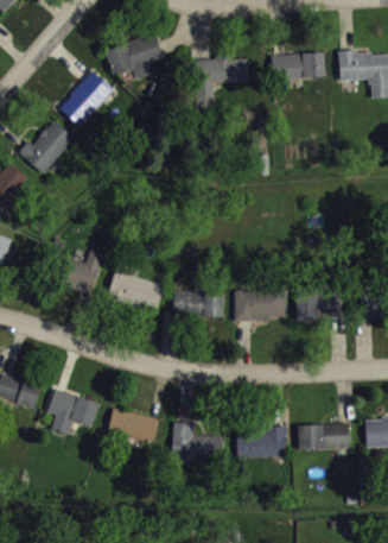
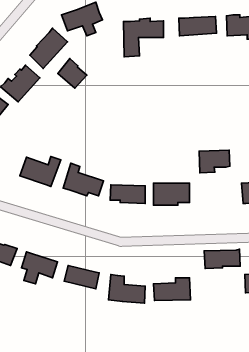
building: none -> [58,59,87,88]
building: [297,290,341,322] -> [199,150,230,173]
building: [298,422,349,449] -> [204,249,240,269]

